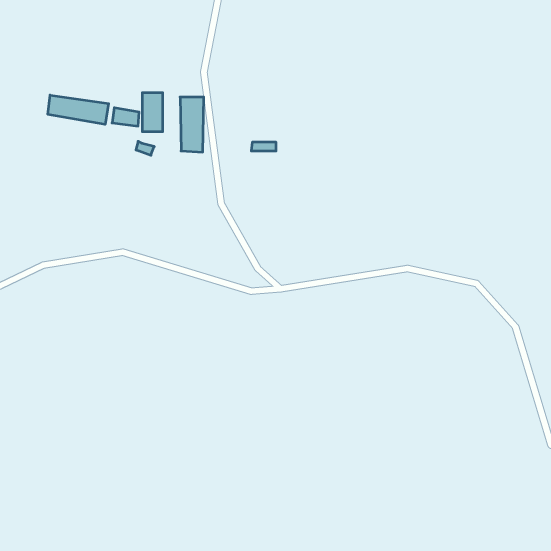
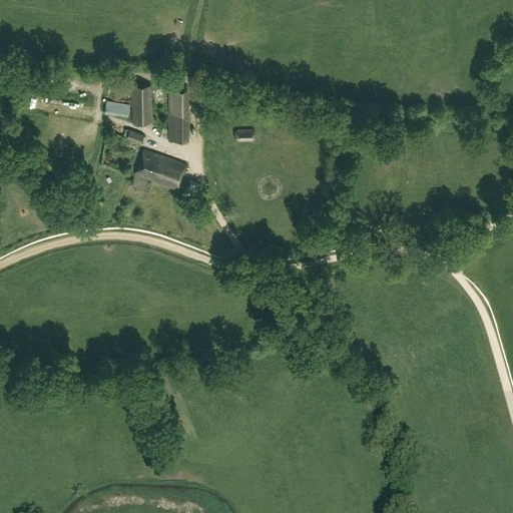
building: [48,95,109,124] -> none
building: none -> [135,150,186,190]

